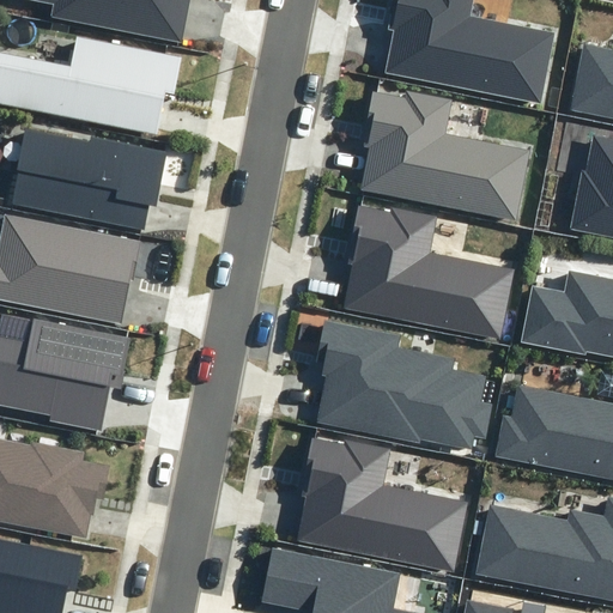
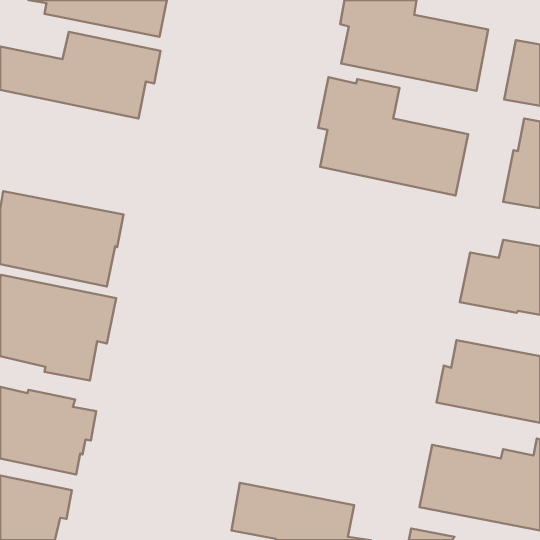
building: [12,129,168,230] -> none
building: [346,204,512,338] -> none
building: [315,317,492,448] -> none
building: [298,437,467,570] -> none

